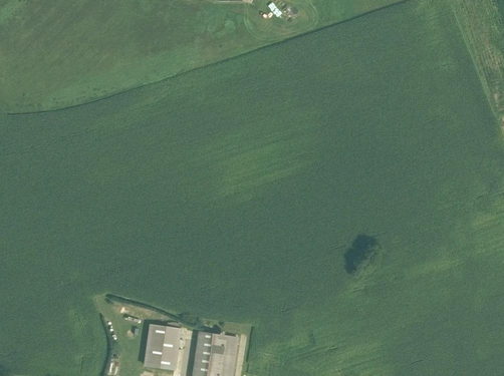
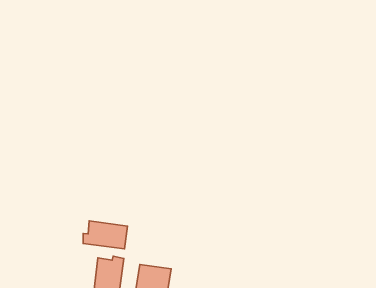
building: none -> [83,221,128,249]

